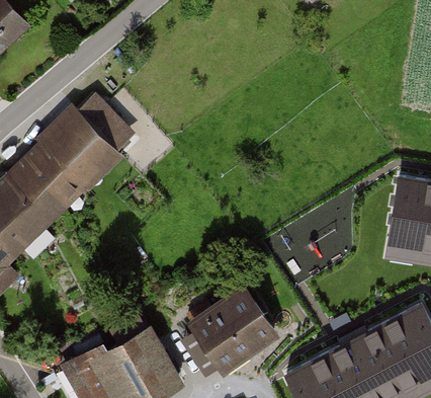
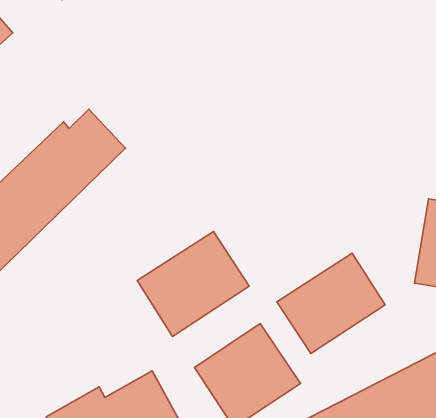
building: none -> [137,231,249,337]
building: none -> [277,253,385,354]

